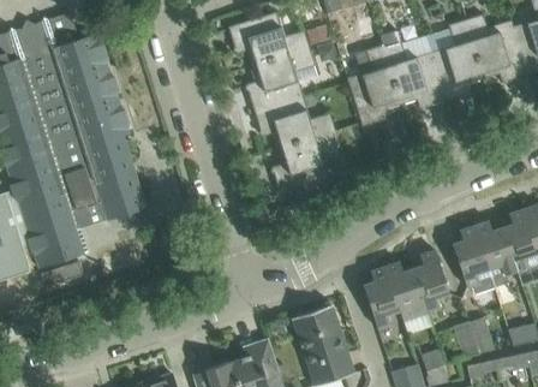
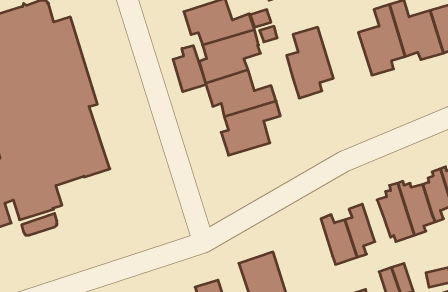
building: [384,38,447,108] -> none
building: none -> [173,46,206,92]
building: [364,266,401,328] -> none

